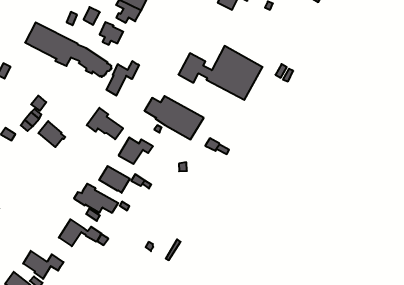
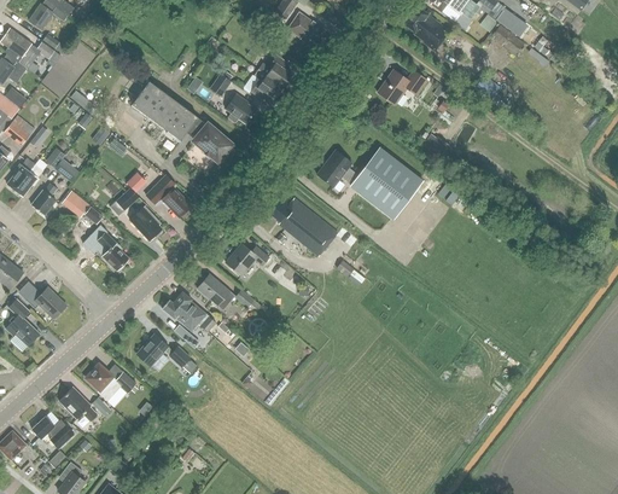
building: [106,61,139,96] -> none
building: [87,108,123,139] -> [146,175,191,217]
building: none -> [88,231,128,269]

